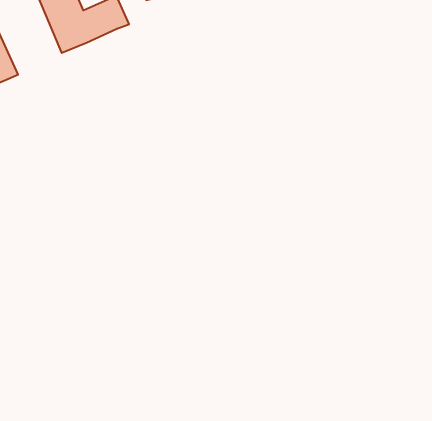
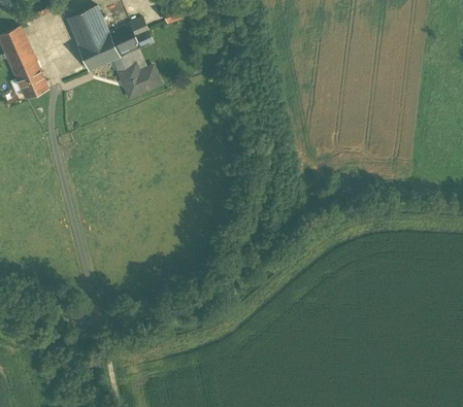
building: none -> [112,49,163,99]

